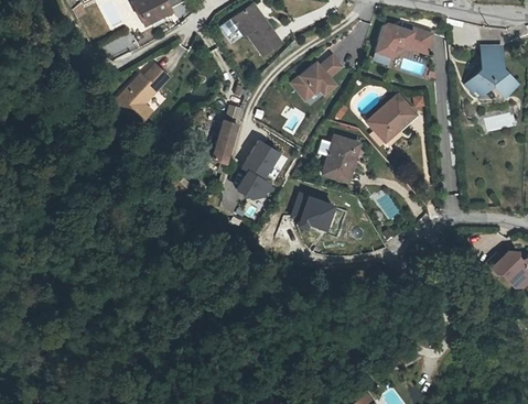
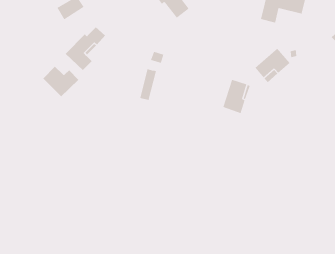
building: [291,48,345,100] -> none
building: none -> [42,66,79,97]
building: [238,133,284,197] -> none
building: [300,188,340,228] -> none

